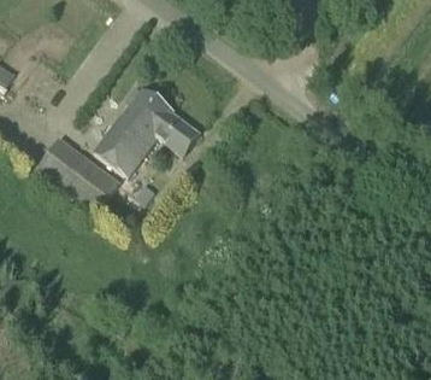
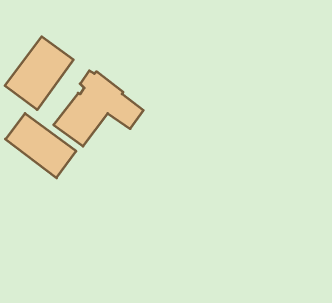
building: none -> [5,37,73,110]

